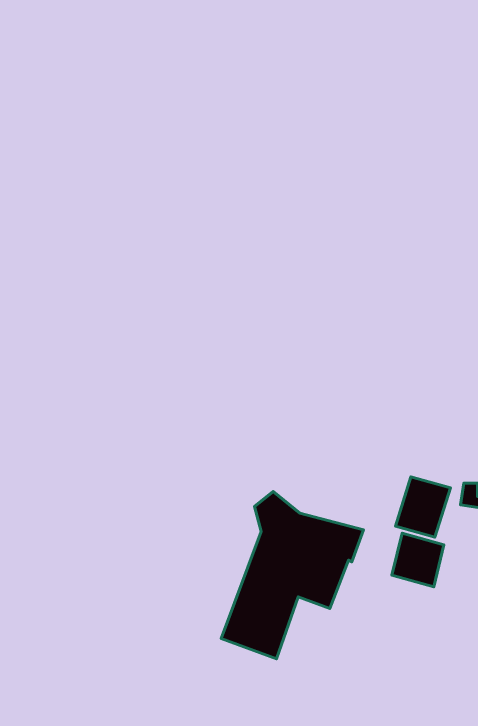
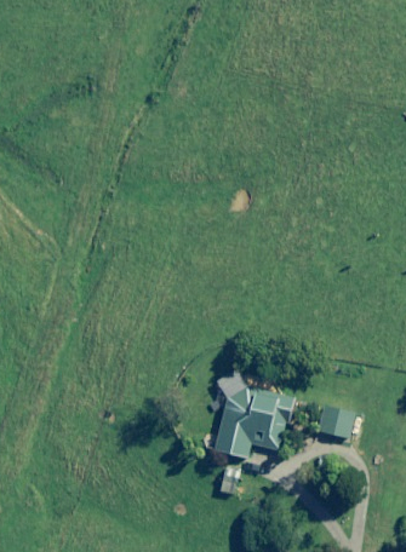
building: [395,477,450,537] -> none

